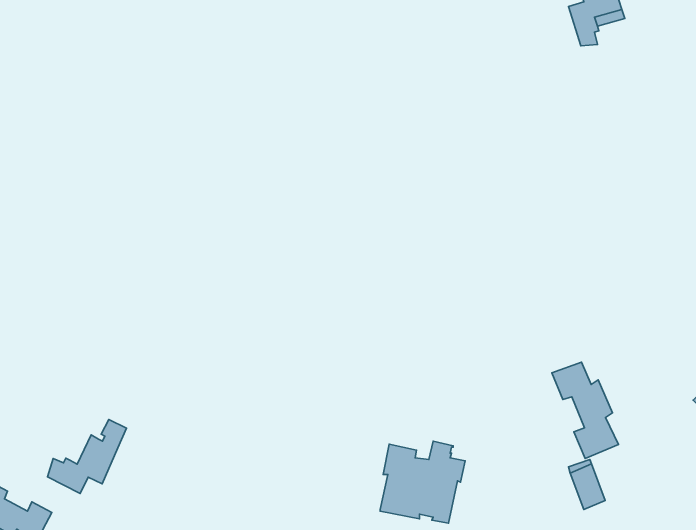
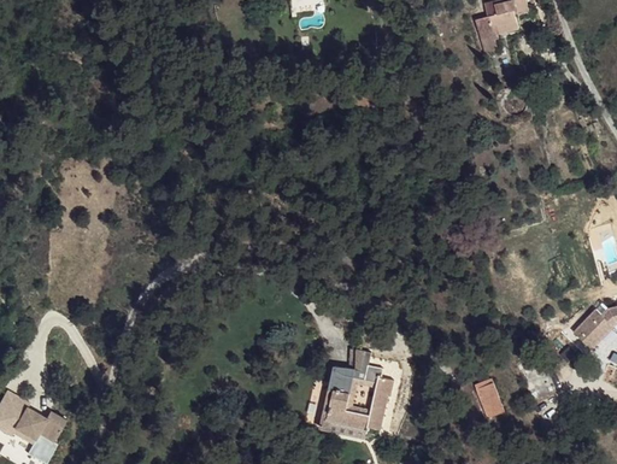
building: [552,362,618,459] -> none
building: [47,420,127,494] -> none

